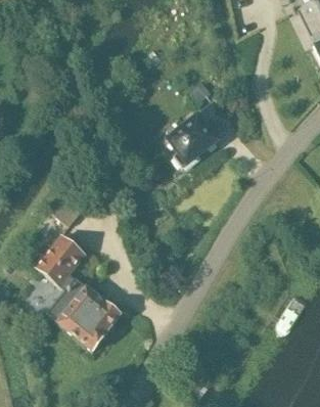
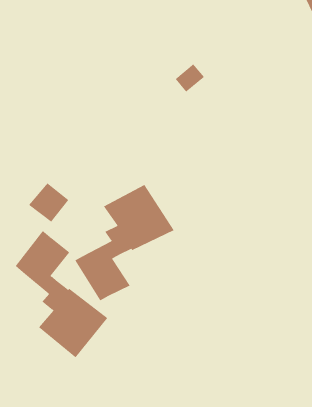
building: [168,101,228,166] -> none
building: none -> [74,184,175,301]

